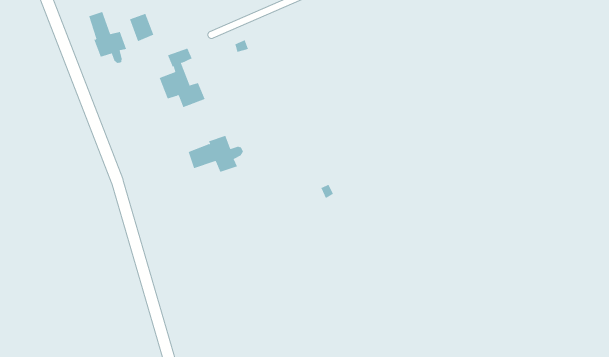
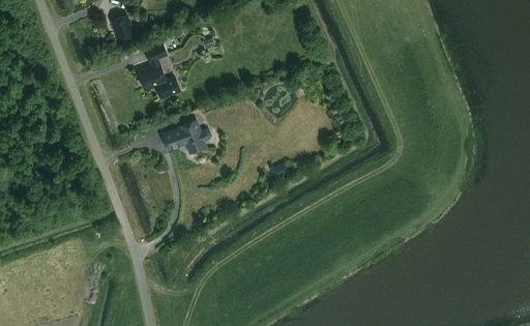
building: [88,11,127,64] -> none

